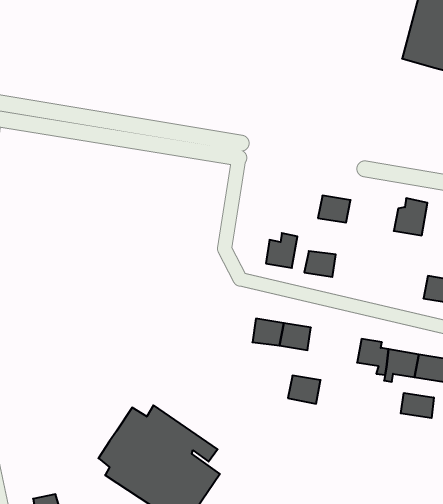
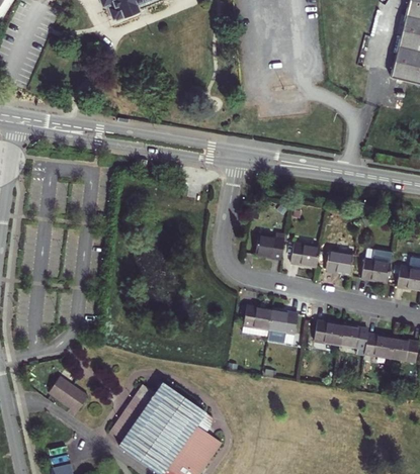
building: [318,196,351,223] -> [328,251,357,275]
building: [394,198,427,235] -> [364,251,395,284]
building: [288,376,321,404] -> [316,319,345,345]
building: [401,393,434,418] -> none
building: none -> [44,374,84,410]

